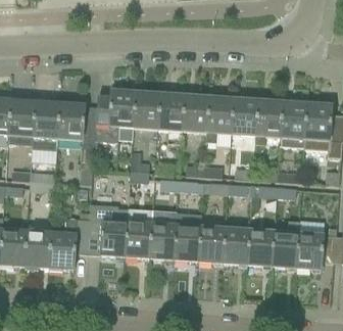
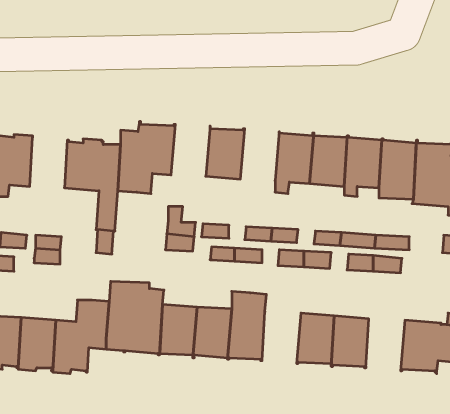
building: [134,93,161,130] -> none
building: [183,96,210,133] -> none
building: [33,101,60,150] -> none
building: [272,221,299,268] -> none
building: [198,226,226,263] -> none

